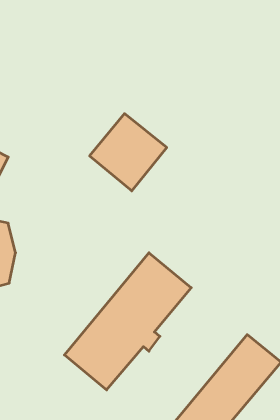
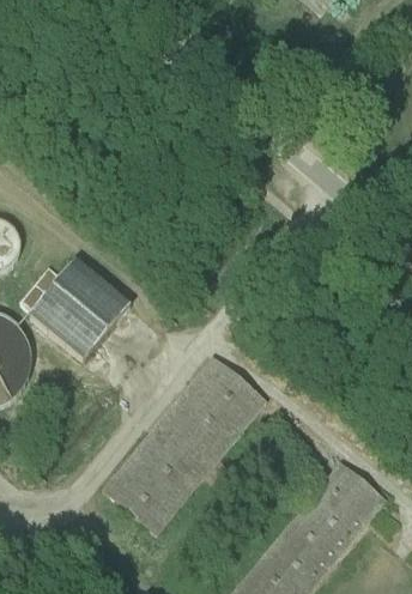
building: [90,114,167,191] -> [26,263,127,364]

